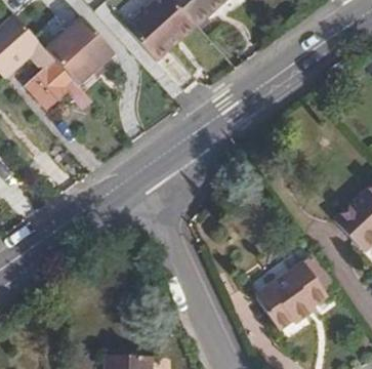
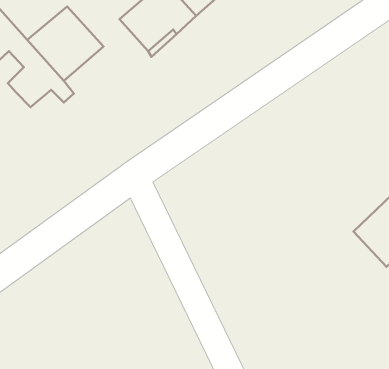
building: [256,259,328,325] -> none

